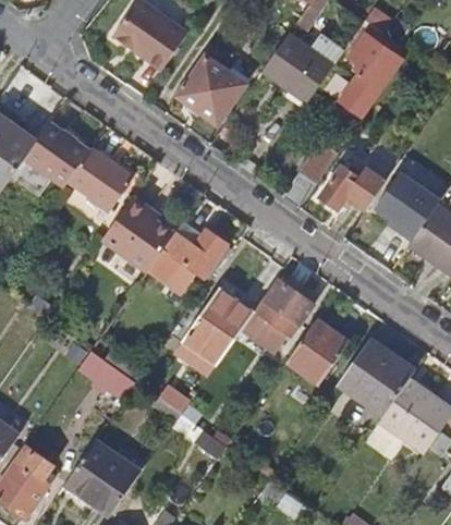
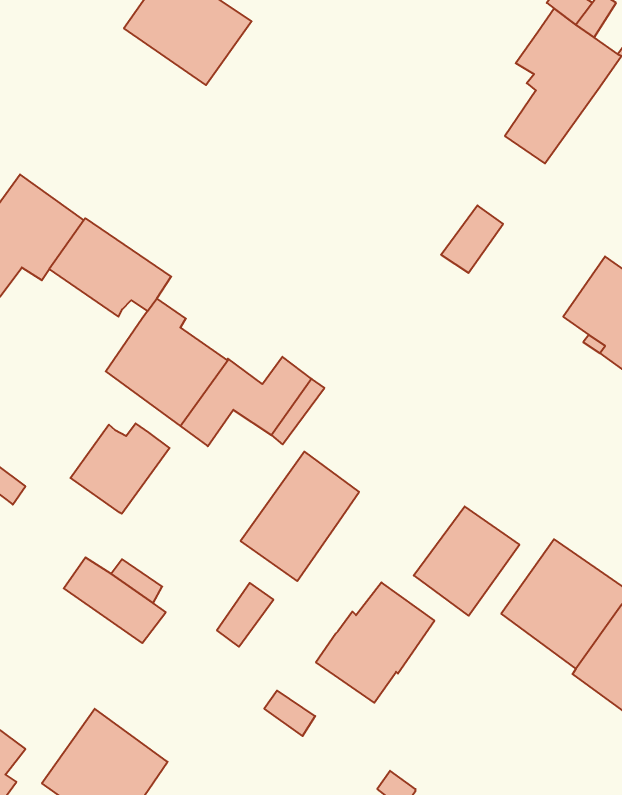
building: [261,30,333,100] -> none
building: [179,54,245,122] -> none
building: [319,164,386,210] -> none
building: none -> [70,423,170,514]
building: [241,281,312,353] -> [316,582,434,703]

